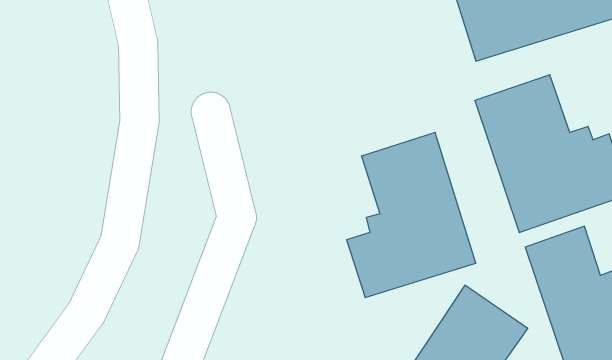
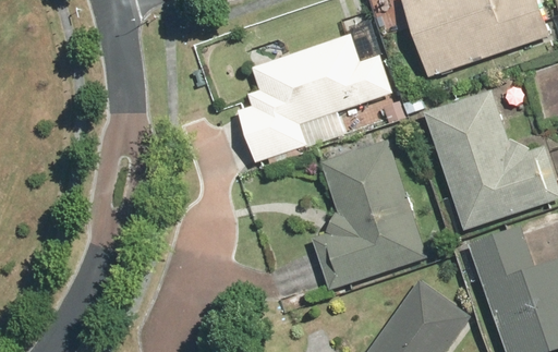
building: none -> [235,32,391,162]

